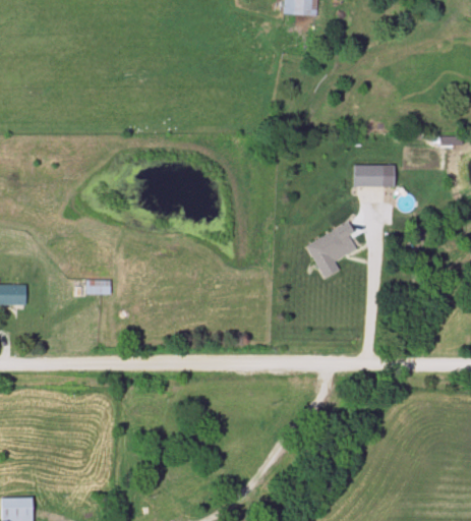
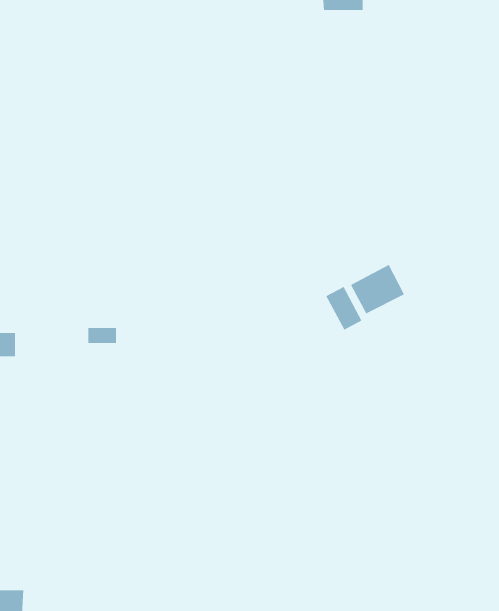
building: [354,165,386,186] -> none
building: none -> [326,286,362,331]

